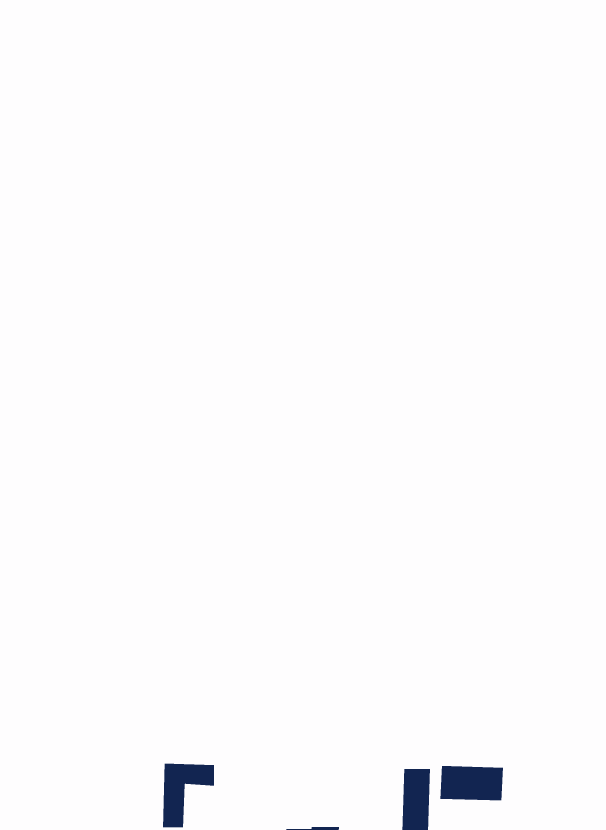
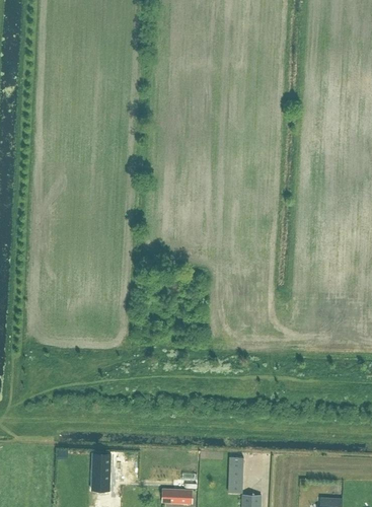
building: [439,765,504,801] -> none

